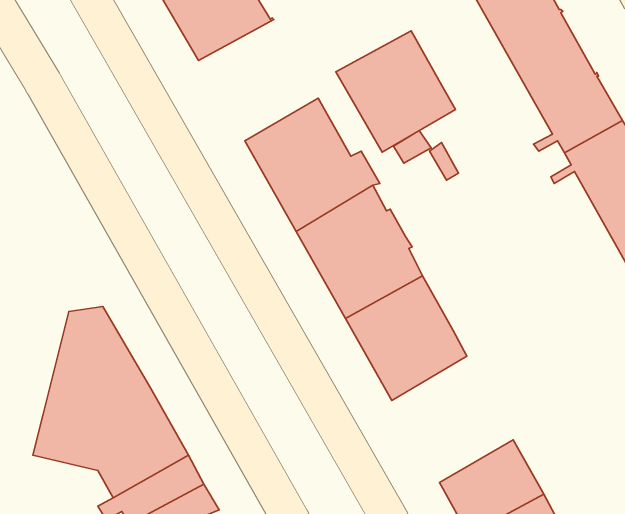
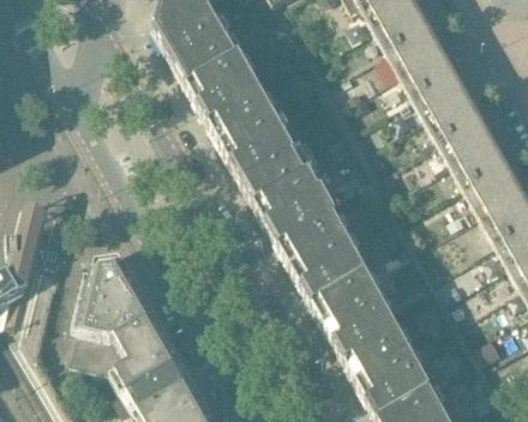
building: [336,31,456,152] -> [186,52,270,137]
building: none -> [322,281,407,376]

